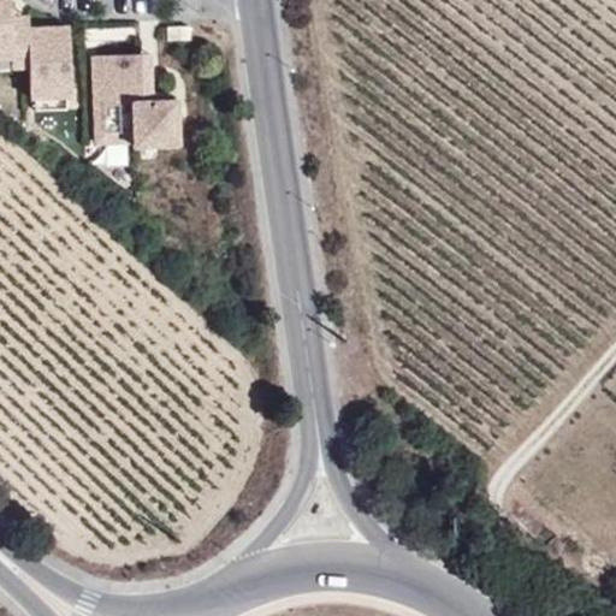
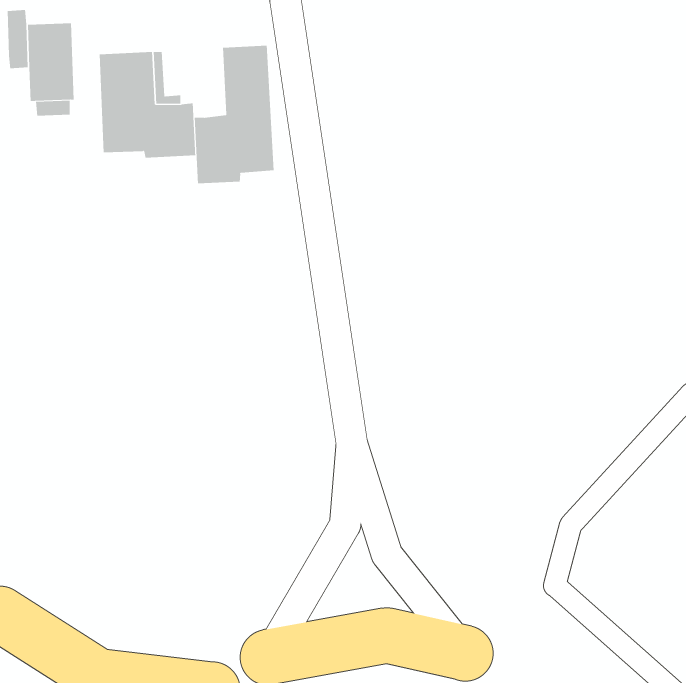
building: none -> [194,45,274,184]

